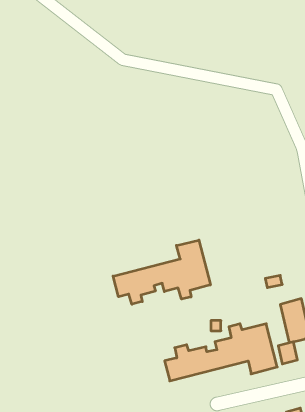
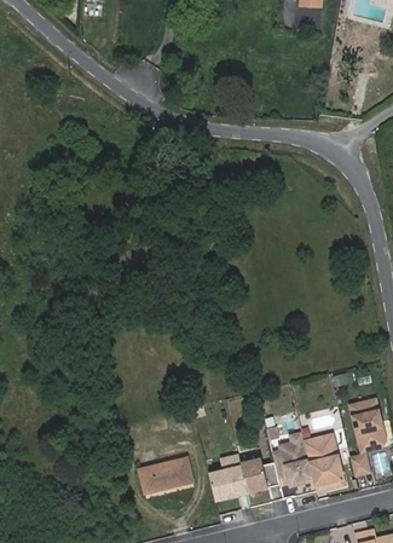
building: [113,240,210,304] -> none
building: none -> [138,457,191,492]

